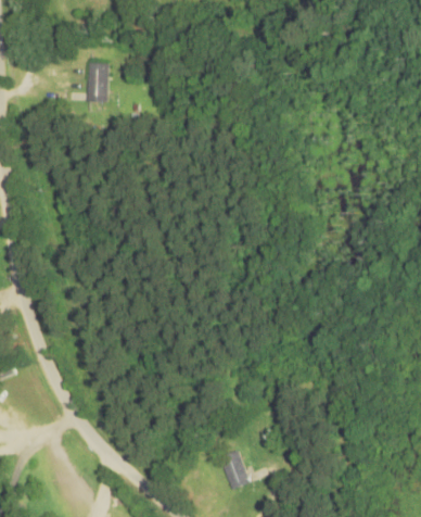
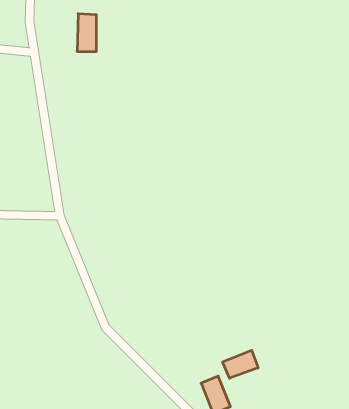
building: none -> [223,350,258,378]

